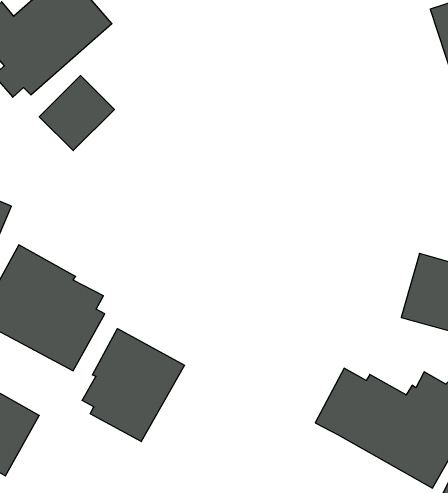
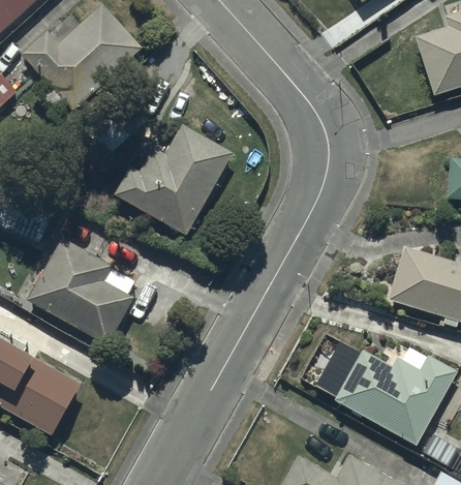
building: none -> [115,125,232,235]
building: [82,329,185,442] -> none

